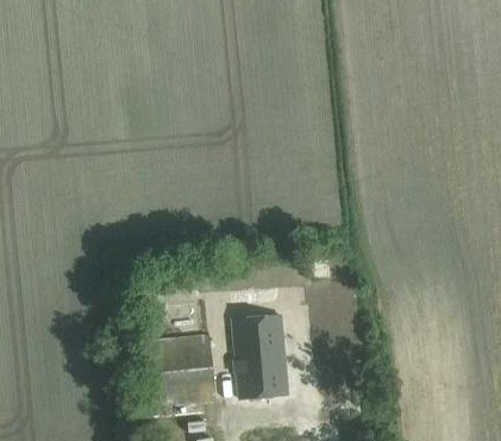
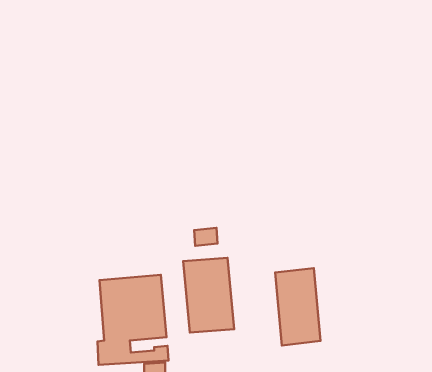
building: none -> [275,268,321,345]

